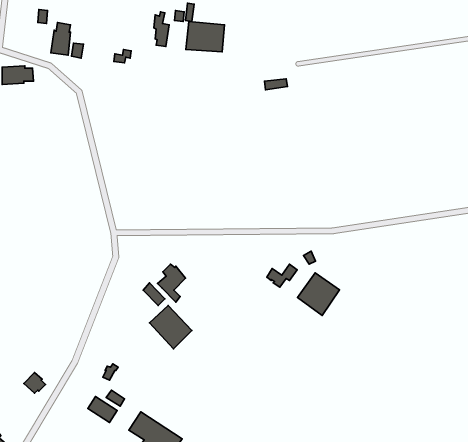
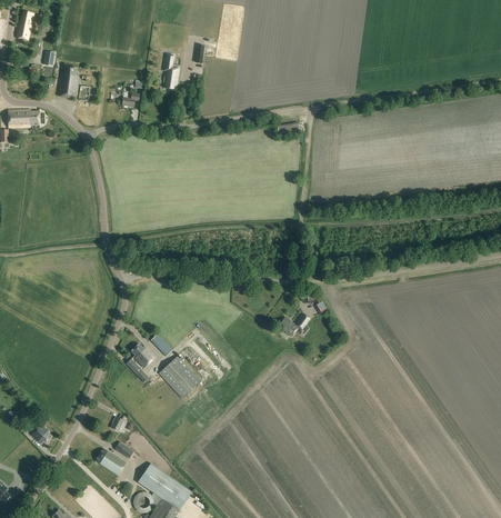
building: [186,22,224,52] -> none
building: [157,264,186,302] -> [126,343,154,382]
building: [298,273,339,316] -> none

